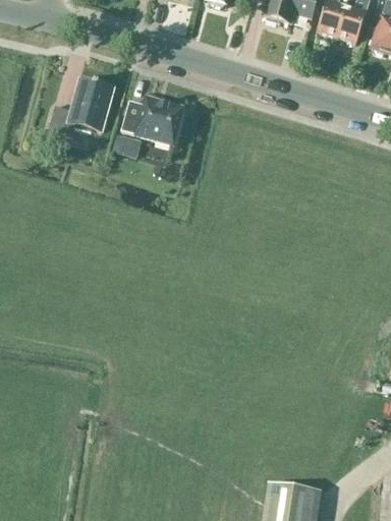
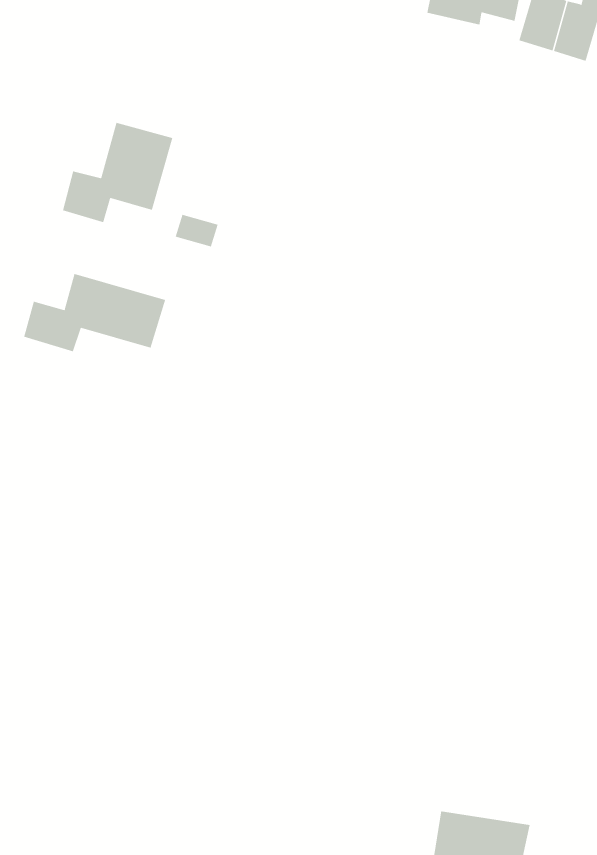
building: [121,96,183,144] -> none
building: none -> [24,273,166,352]

